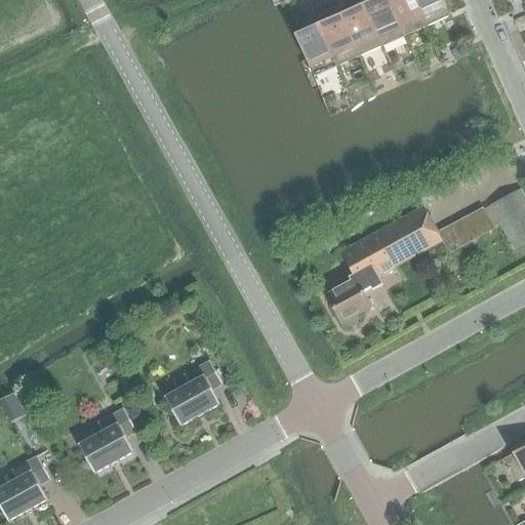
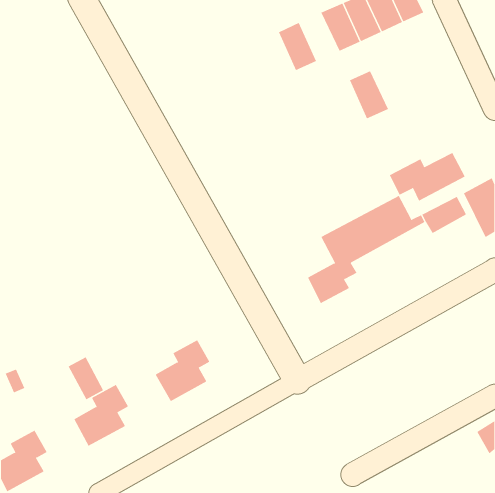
building: [317,13,359,65] -> [349,71,389,119]
building: none -> [389,152,466,201]
building: none -> [68,357,104,400]

